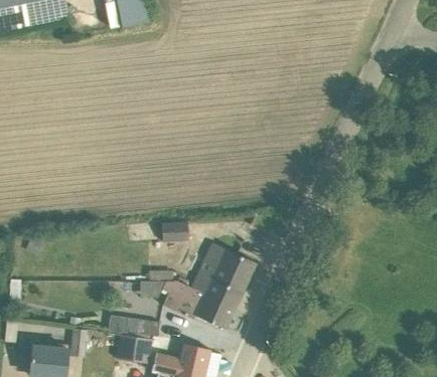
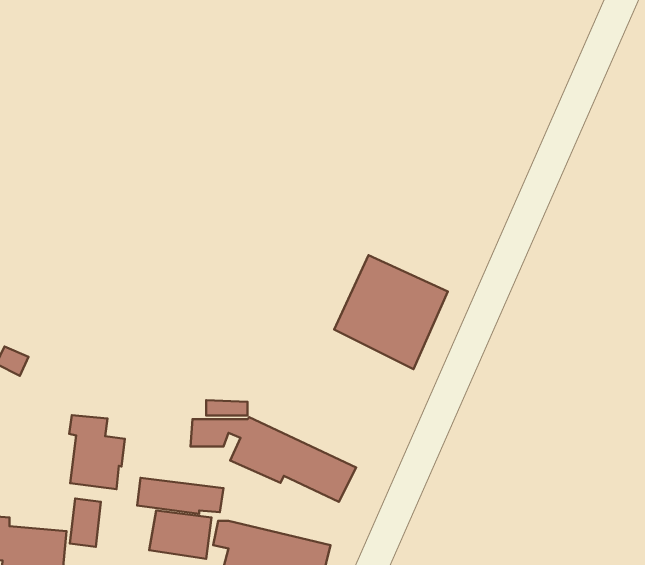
building: [160,221,187,241] -> none
building: [189,242,256,309] -> [334,255,448,369]
building: none -> [69,415,125,489]

